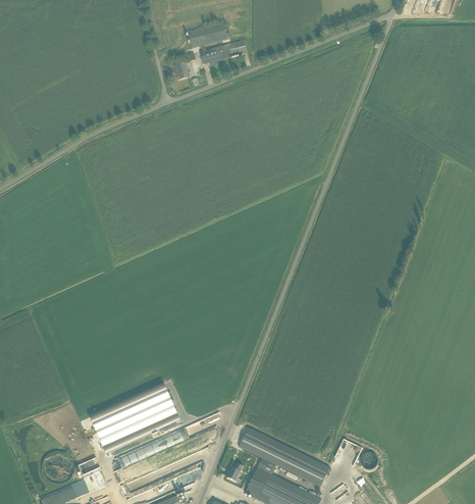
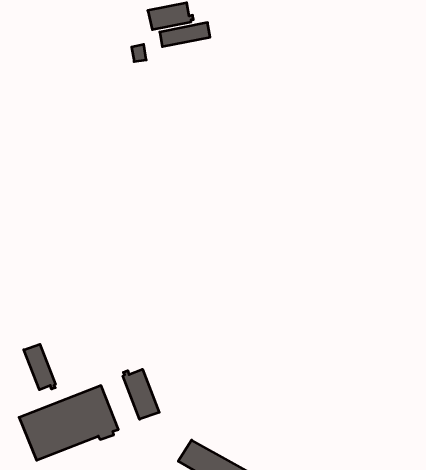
building: none -> [24,344,55,390]
building: none -> [123,369,159,419]

